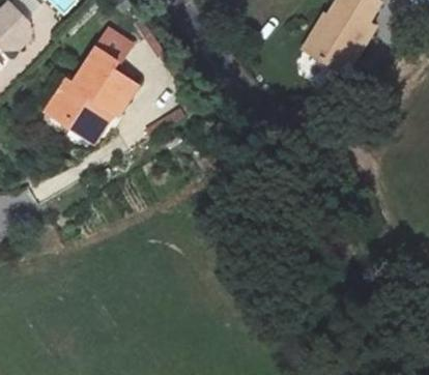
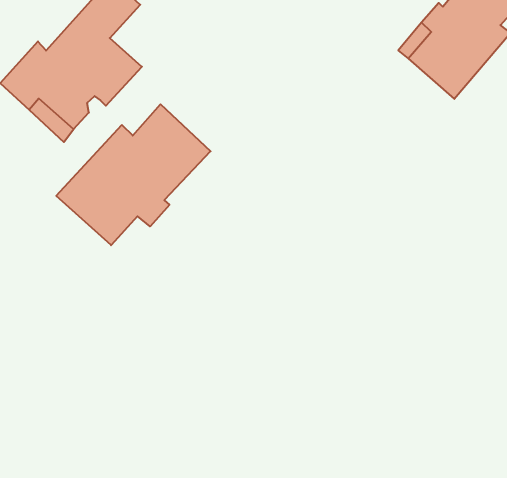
building: none -> [56,104,211,245]

